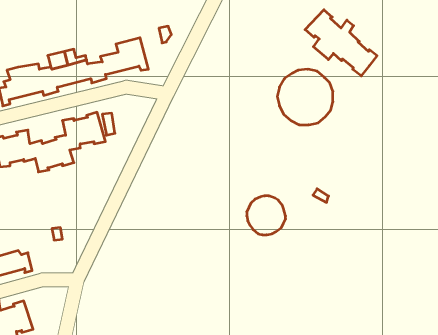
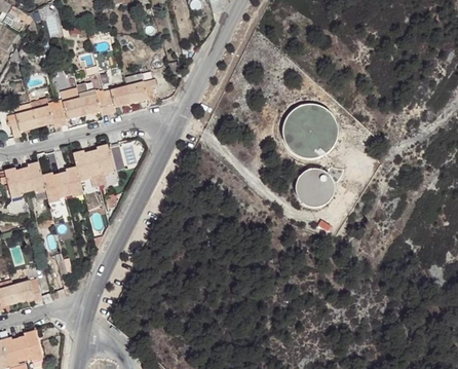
building: [305,10,377,76] -> none
building: [247,196,286,235] -> [296,170,334,208]

